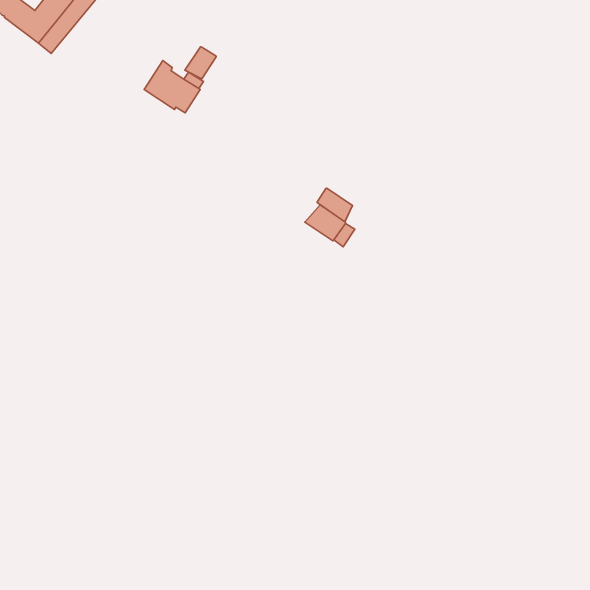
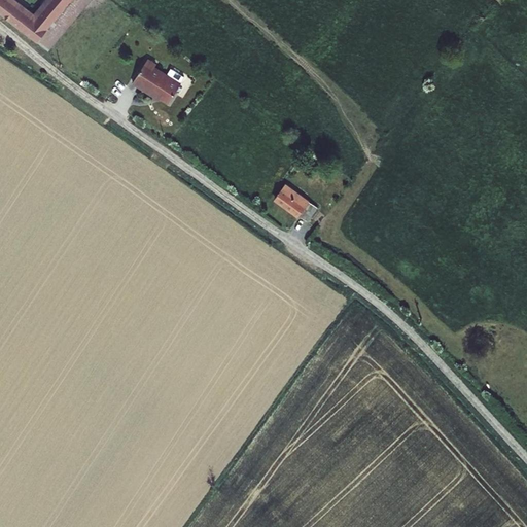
building: [185,47,216,79] -> none
building: [317,188,353,222] -> none

